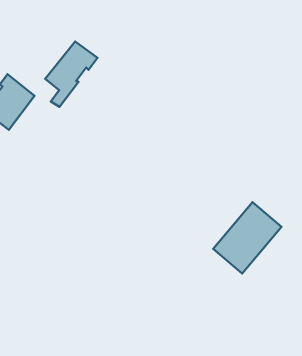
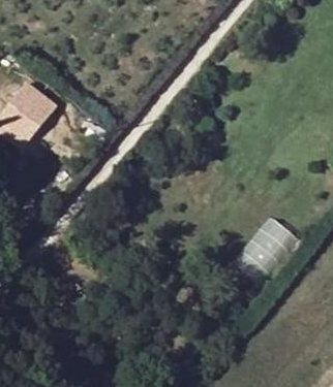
building: [45,41,97,107] -> none

